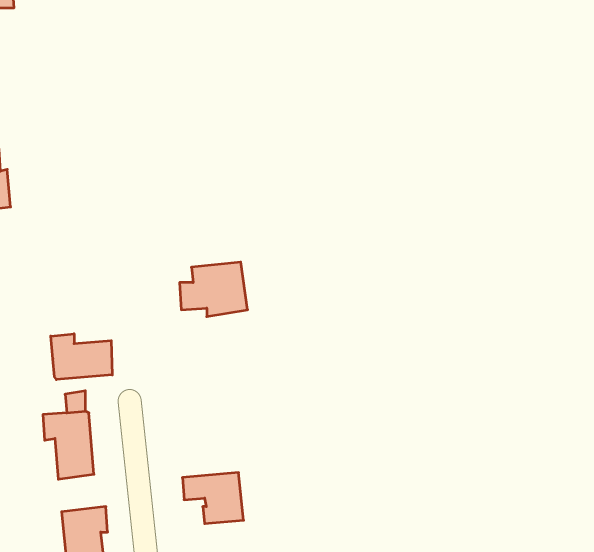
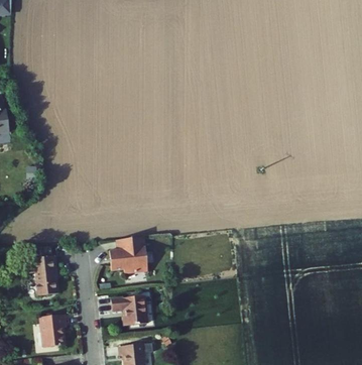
building: [180,262,248,317] -> [112,235,152,267]
building: [51,334,112,380] -> none

